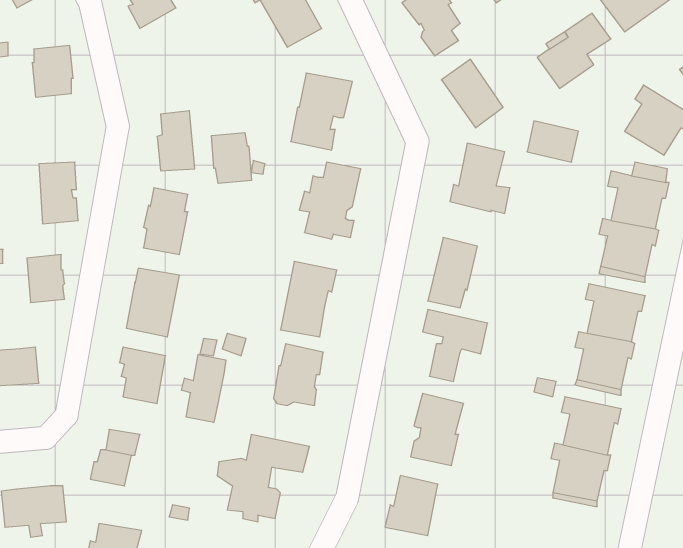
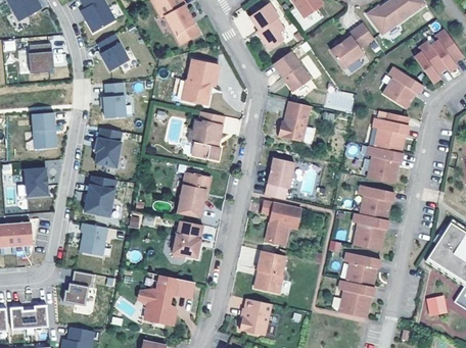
building: none -> [97,34,129,70]
building: [211,133,252,183] -> none
building: [181,354,226,423] -> none

